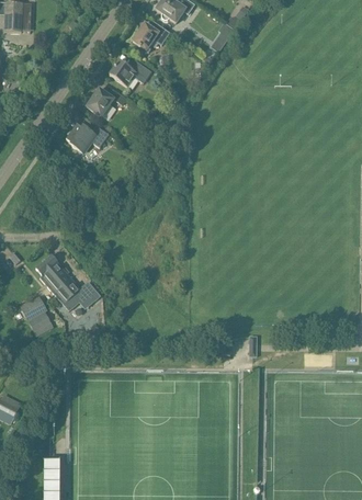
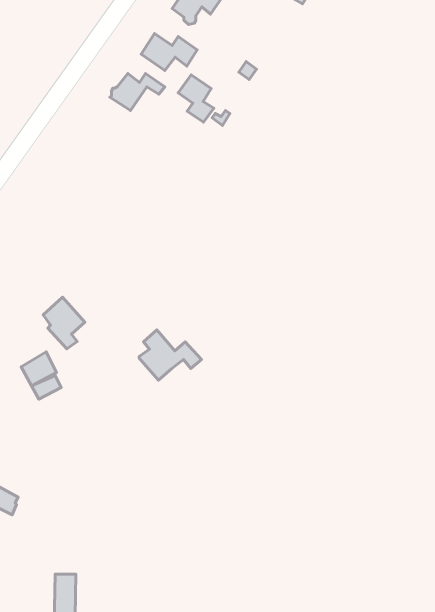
building: none -> [178,75,214,122]
building: [67,124,110,154] -> none
building: [55,273,101,310] -> [139,330,201,380]

